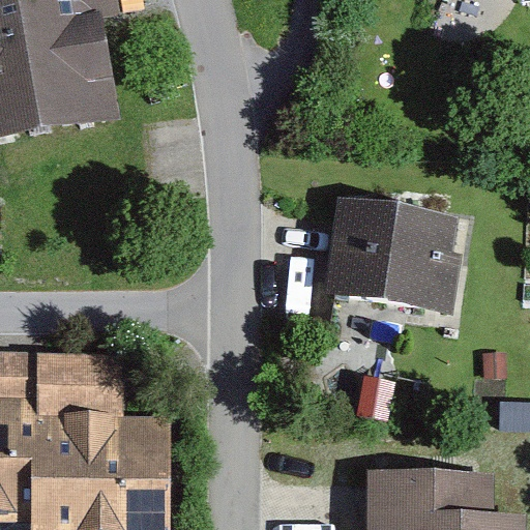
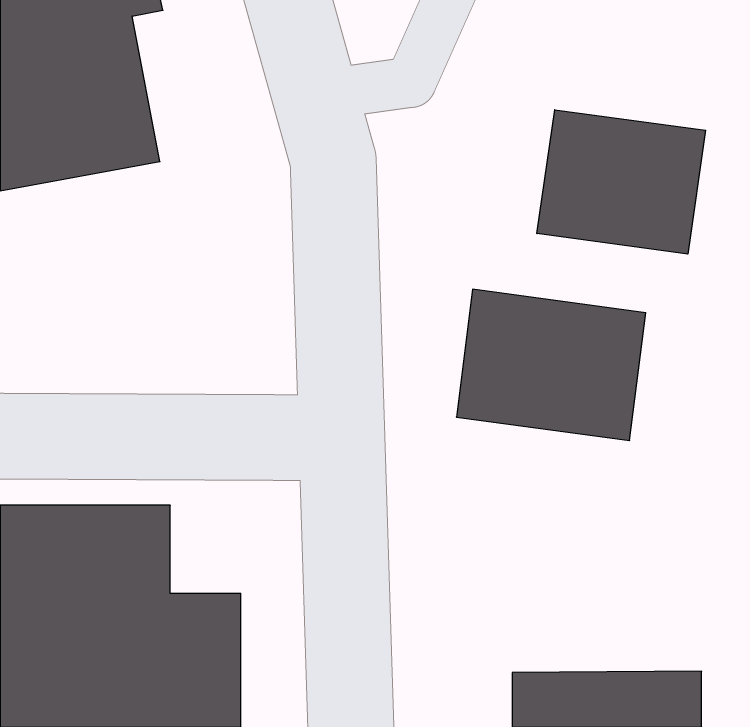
building: none -> [537,110,706,254]

